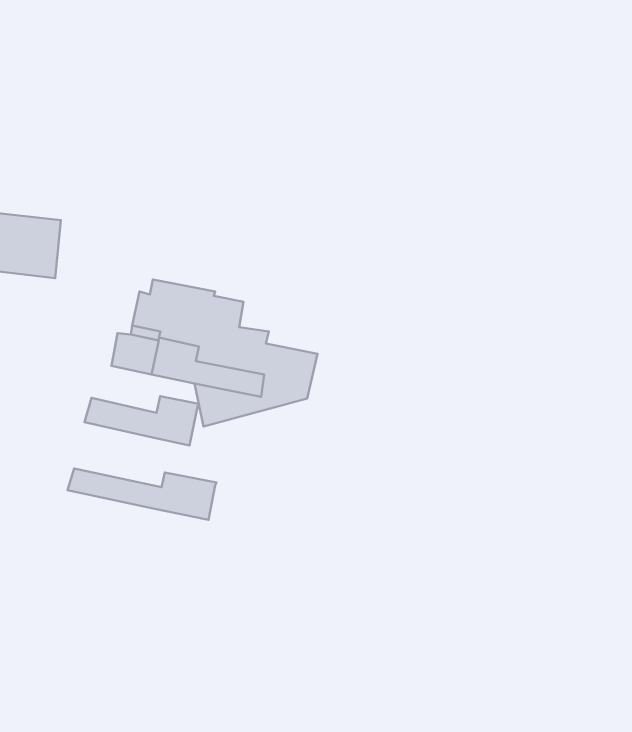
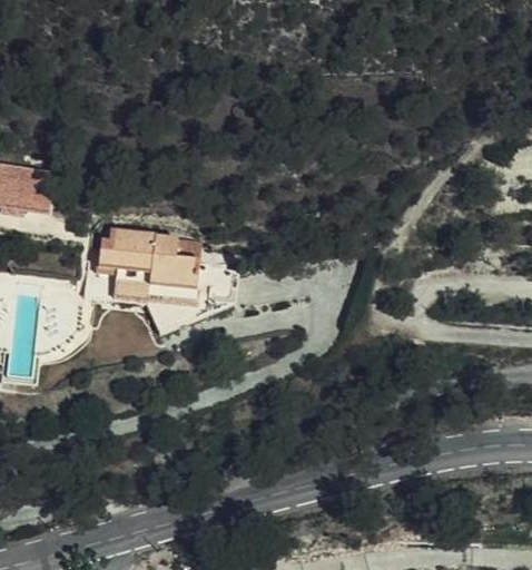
building: [84,396,199,446] -> none
building: [68,468,217,520] -> none

